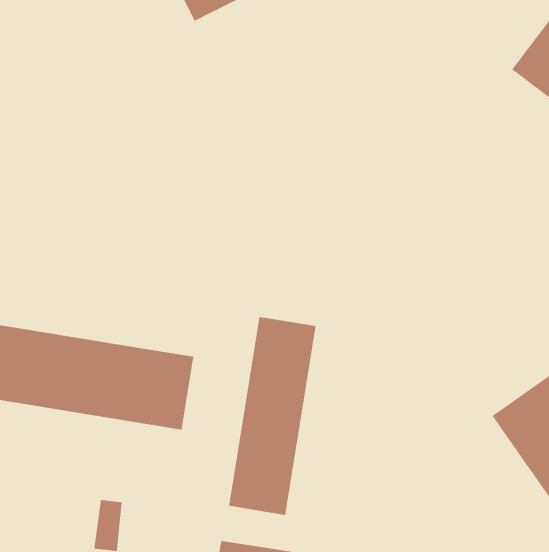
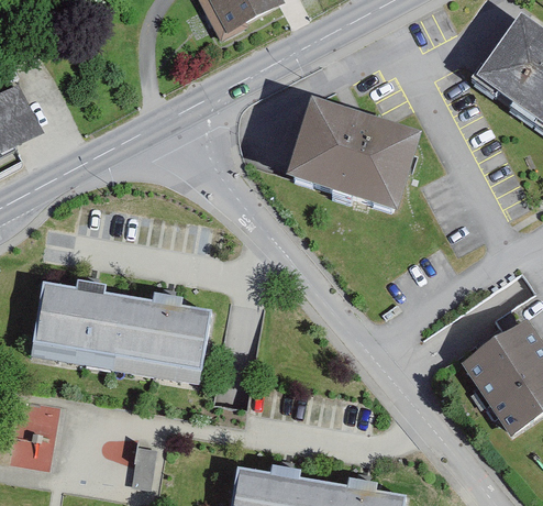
building: none -> [292,106,424,212]
building: [228,316,317,516] -> none

